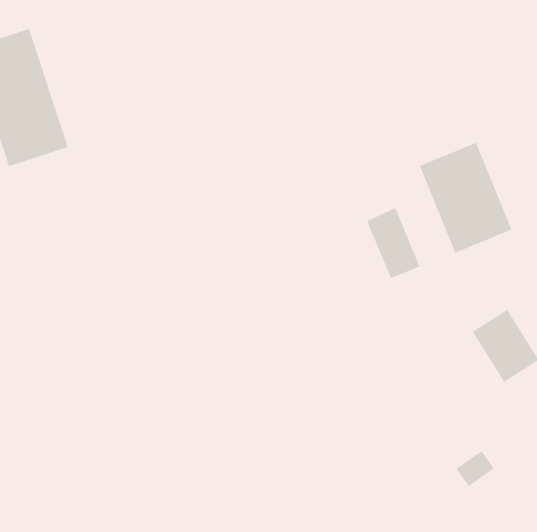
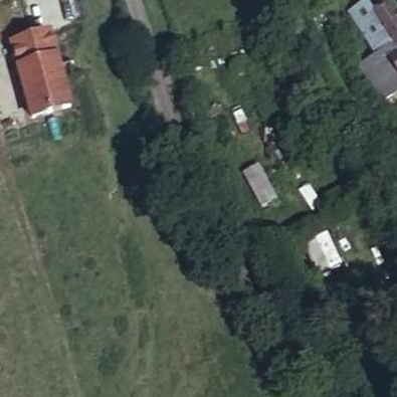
building: [419,142,513,254] -> none

